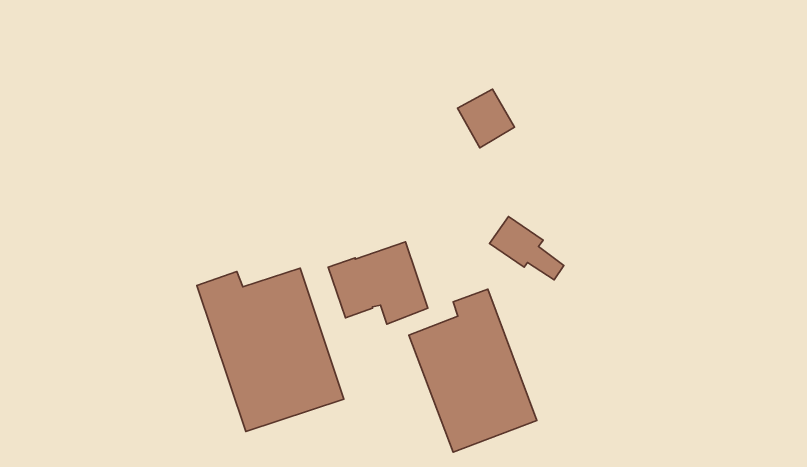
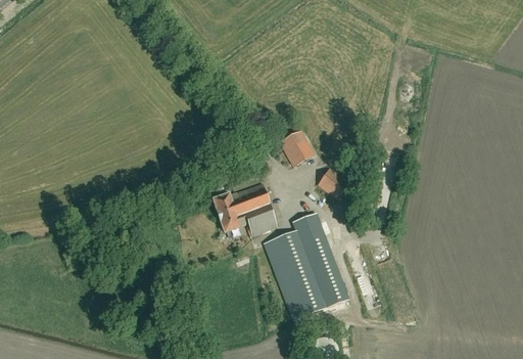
building: [458,89,514,148] -> [279,128,316,166]
building: [197,268,344,432] -> none

